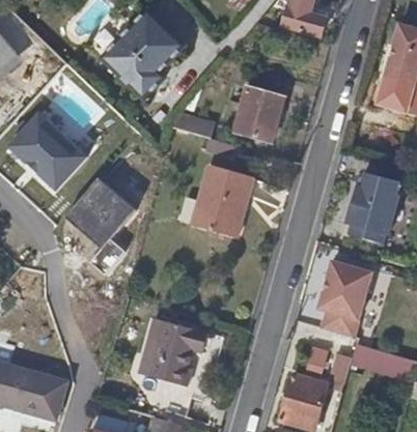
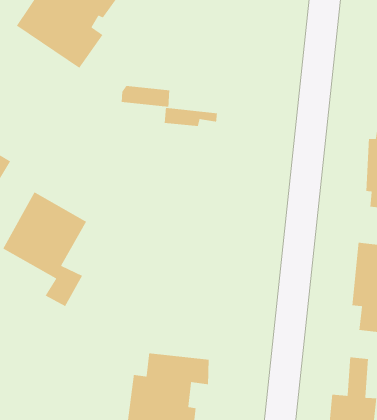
building: [233,82,283,139] -> none
building: [194,162,255,235] -> none

